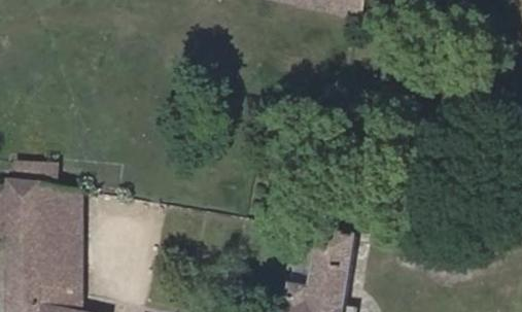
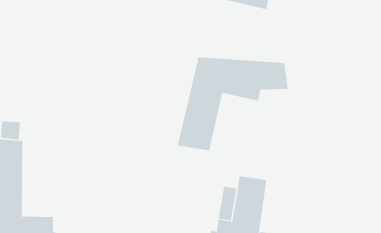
building: none -> [177,56,288,151]
building: [40,182,81,279] -> none

